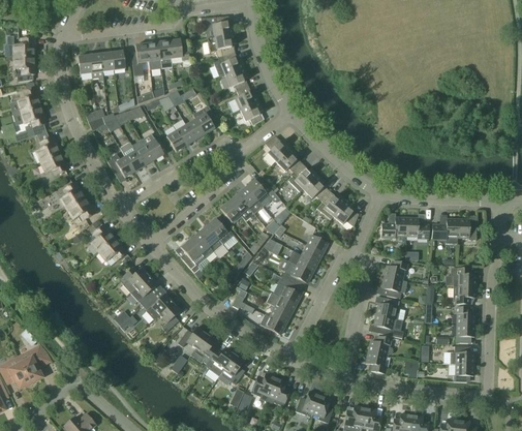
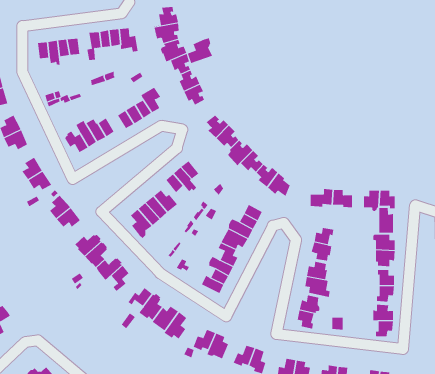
building: none -> [187,37,213,64]
building: [245,180,278,208] -> none
building: none -> [379,207,394,233]

